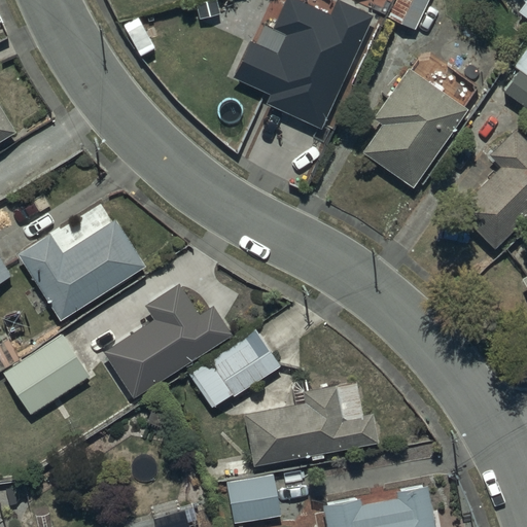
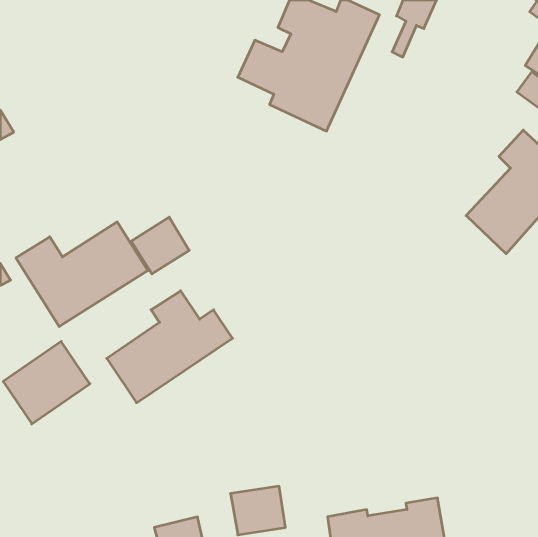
building: [361,69,465,187] -> none
building: none -> [131,217,189,274]
building: [189,329,279,407] -> none
building: [244,380,378,466] -> none

